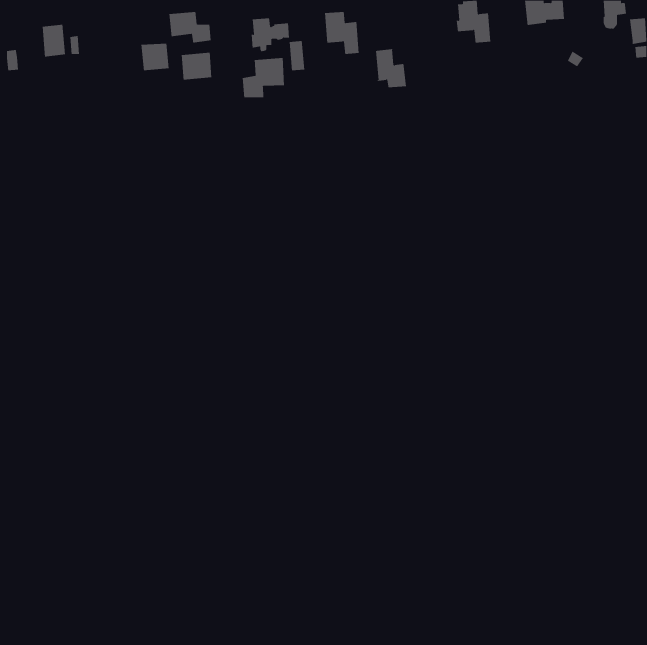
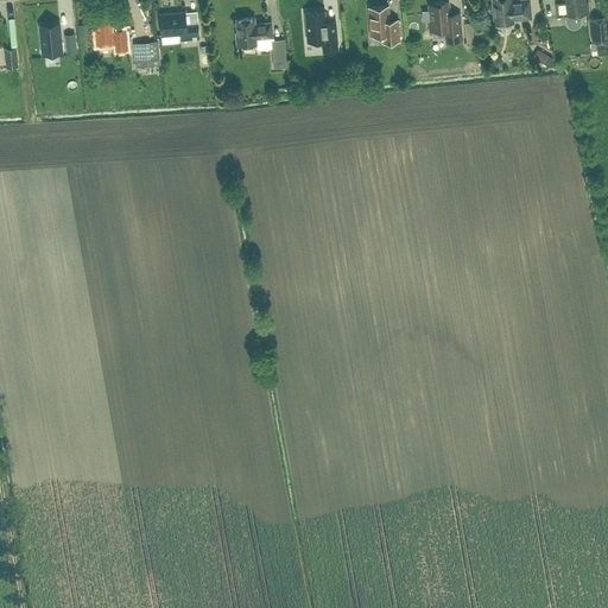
building: none -> [94,13,126,52]
building: [374,48,407,88] -> [368,7,399,44]
building: [181,52,212,81] -> none
building: [242,57,285,98] -> none

